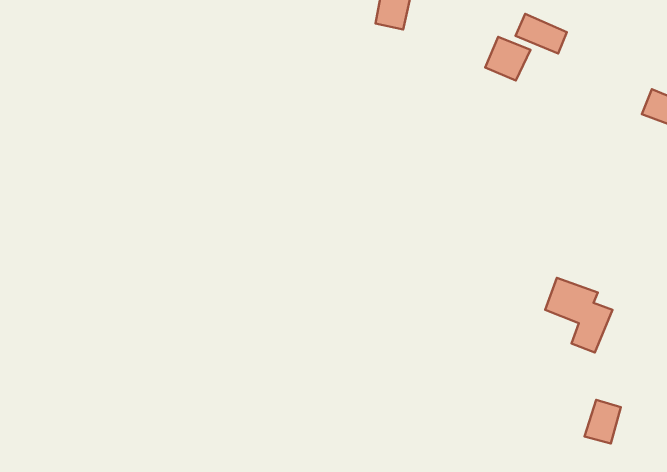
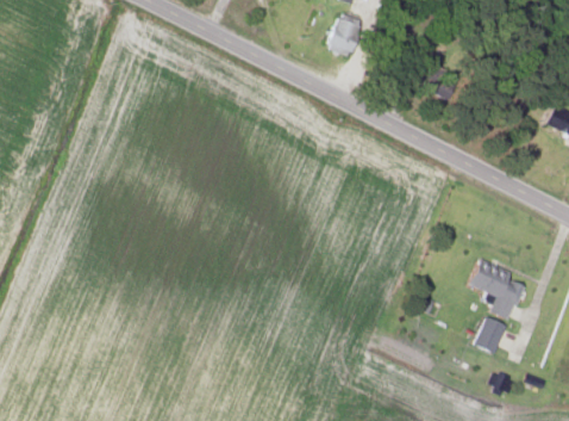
building: [516,14,567,53] -> none
building: [584,400,621,444] -> [475,318,505,354]

